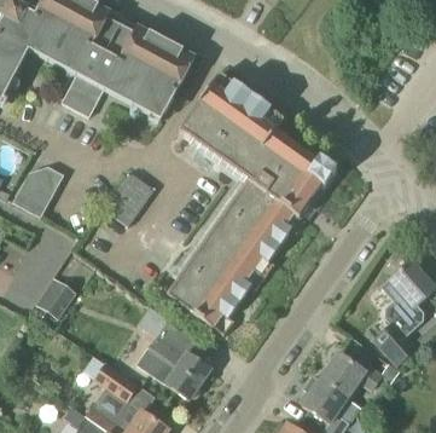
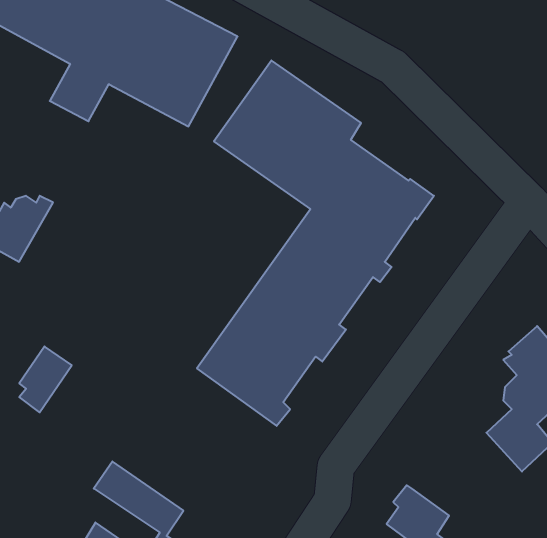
building: [103,172,155,226] -> none
building: [138,307,210,399] -> none
building: [319,354,400,399] -> none

